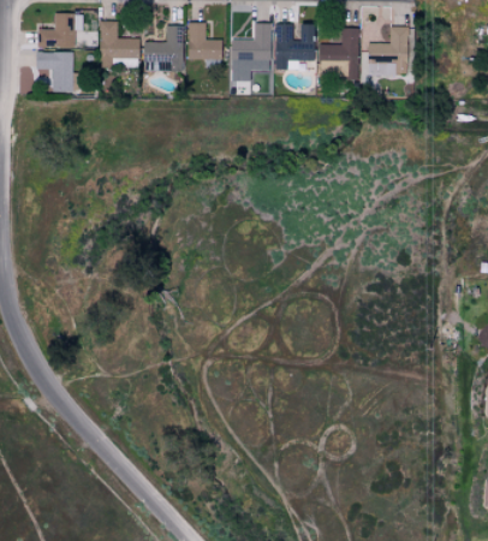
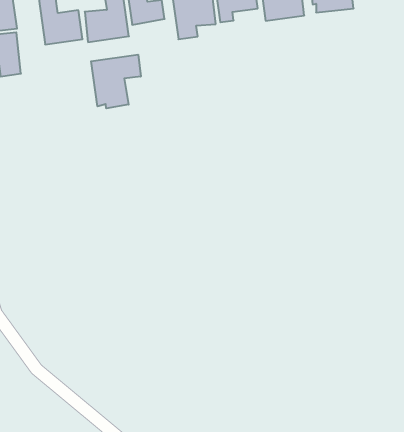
building: none -> [91,55,141,108]

